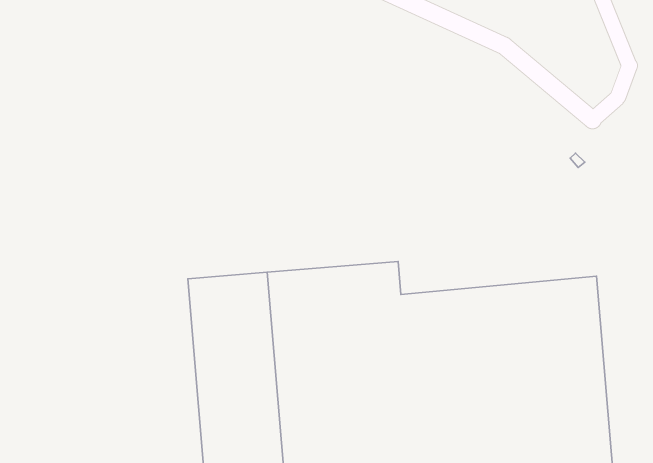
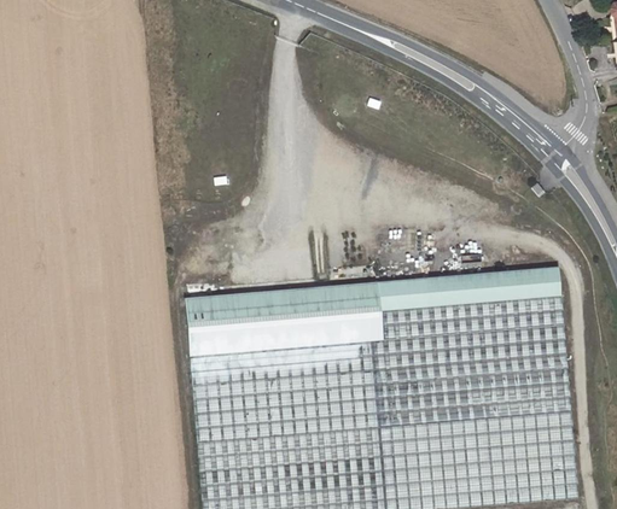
building: none -> [379,268,560,312]

